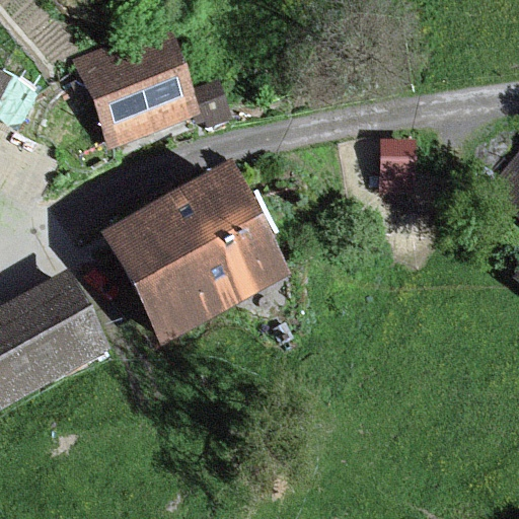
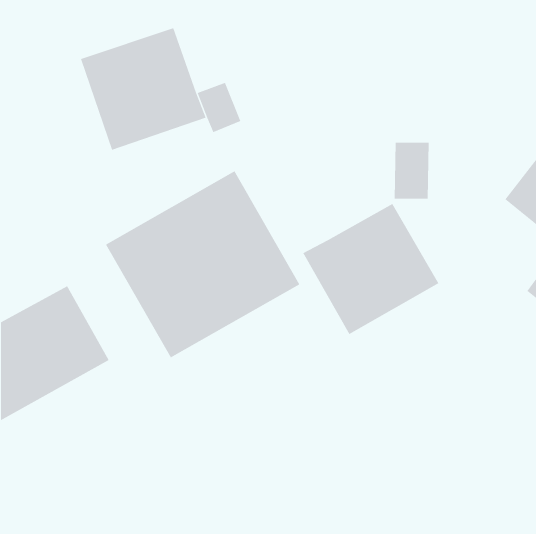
building: none -> [303,203,439,335]

